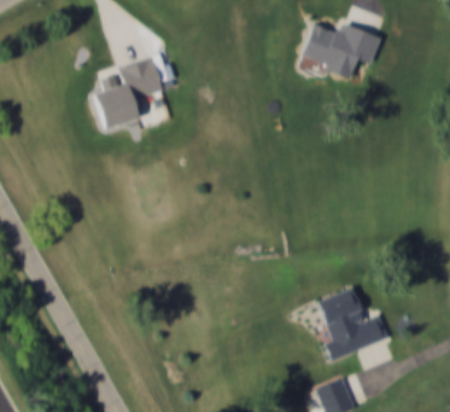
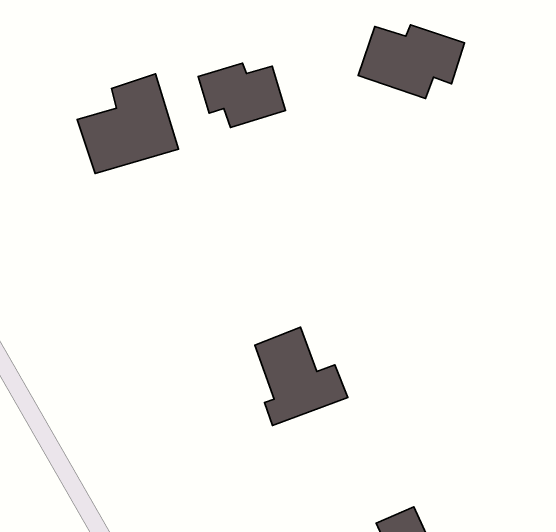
building: none -> [198,63,286,128]
building: [318,288,387,360] -> [255,327,348,425]

